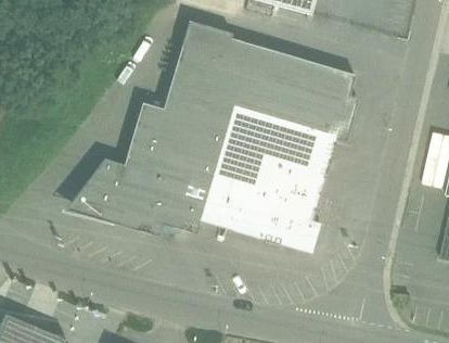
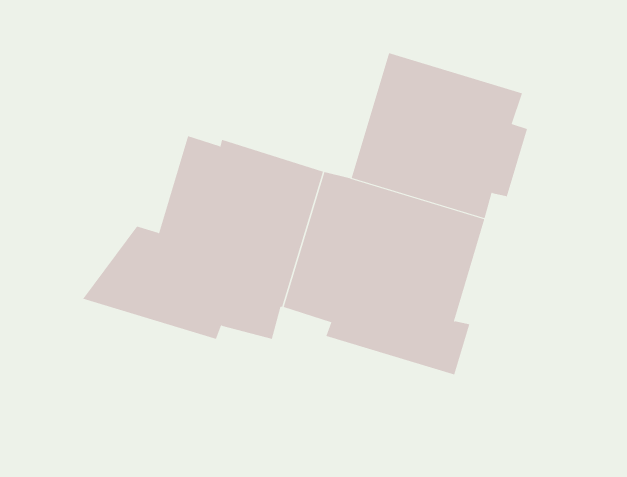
building: [164,21,270,129] -> none

